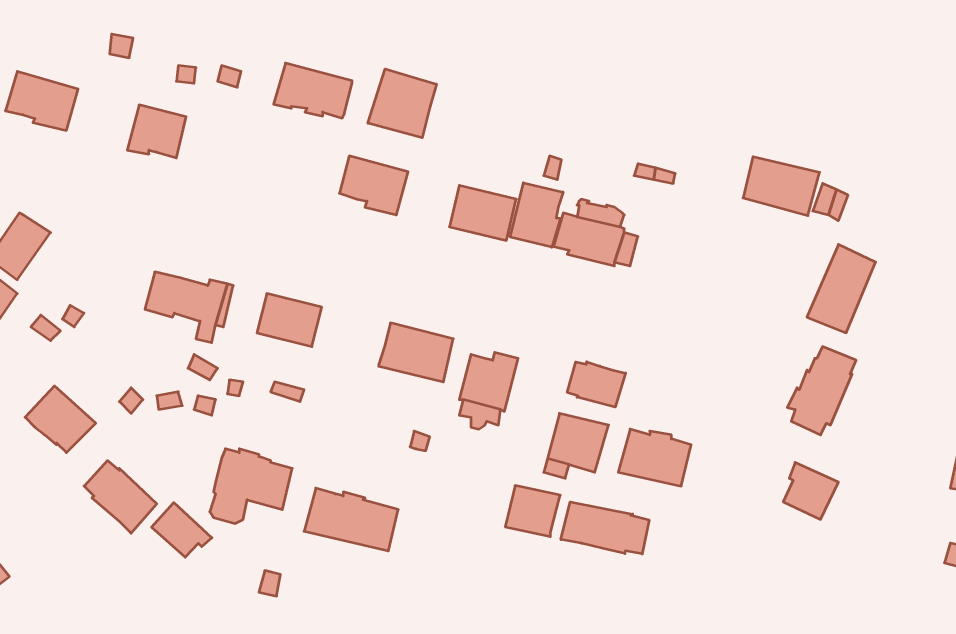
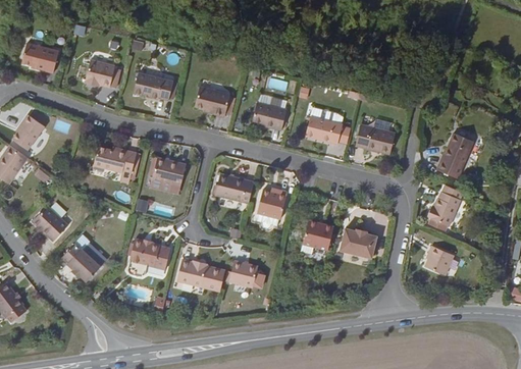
building: [274,63,352,118] -> [133,71,173,100]
building: [368,69,436,138] -> none
building: [743,157,820,216] -> [356,123,396,154]
building: [510,183,563,247] -> none
building: [567,362,626,407] -> none
building: [505,486,560,537] -> [229,260,258,286]
building: [561,502,649,554] -> none
building: [152,503,212,557] -> none

